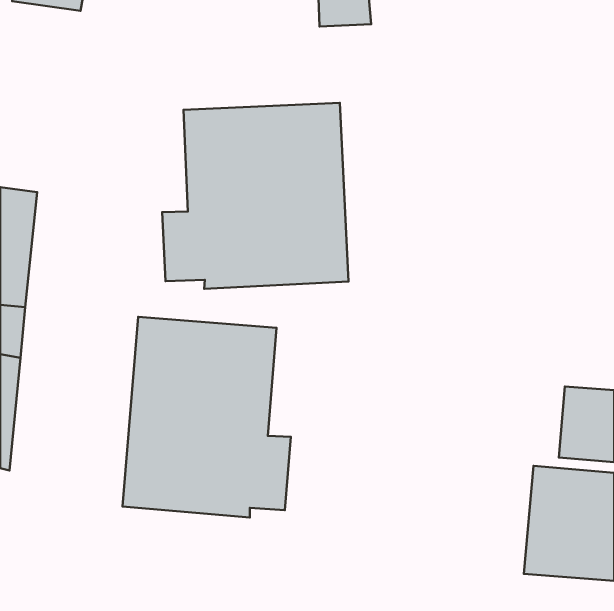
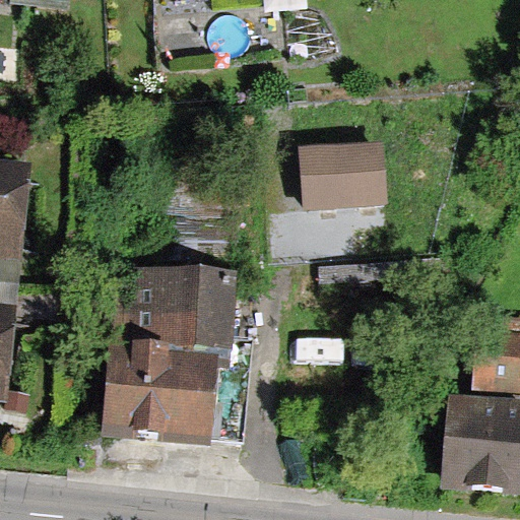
building: [162,103,349,289] -> none
building: none -> [303,139,389,207]

